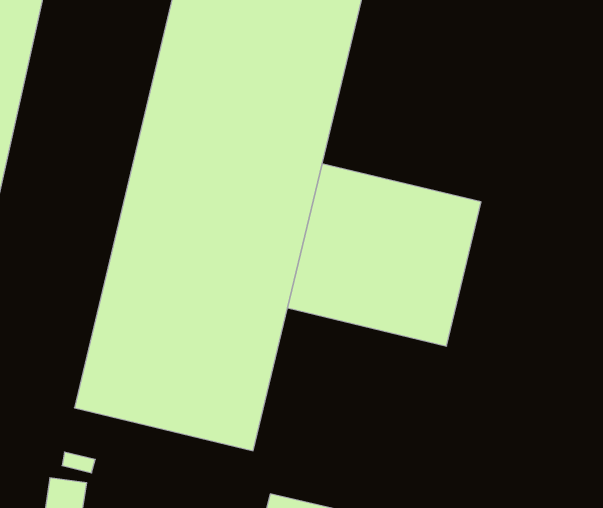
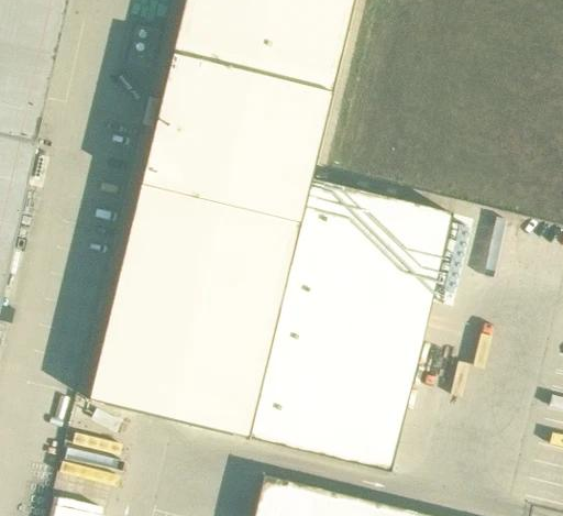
building: none -> [247,310,420,472]

